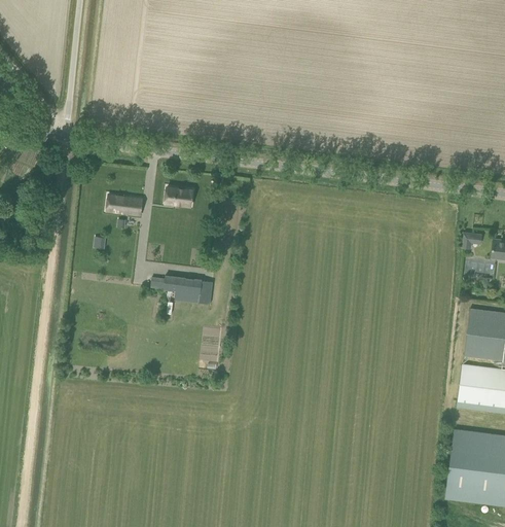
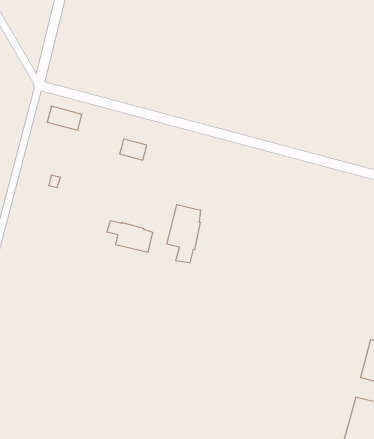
building: [107,194,143,215] -> [47,106,82,130]
building: none -> [167,204,201,263]

